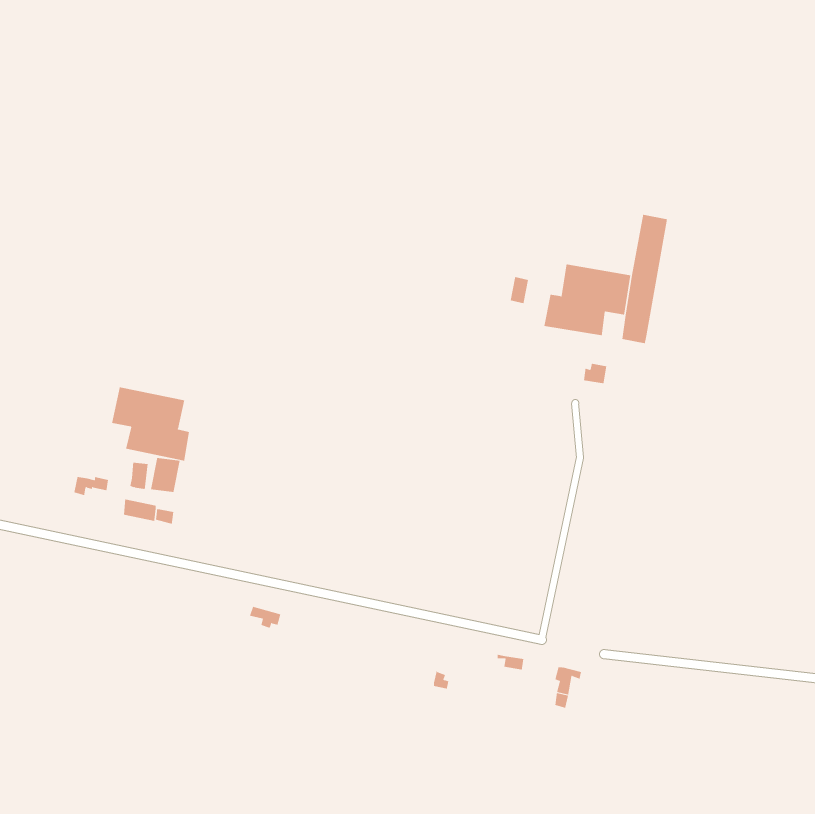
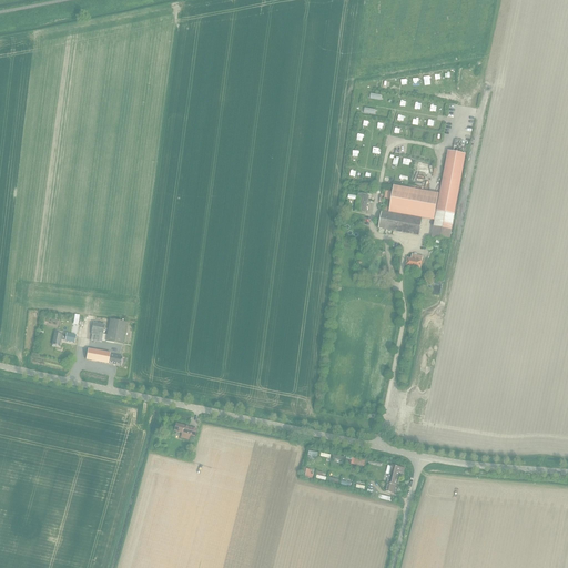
building: [112,387,189,461] -> none

